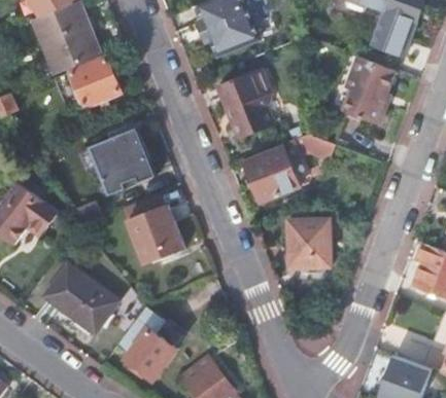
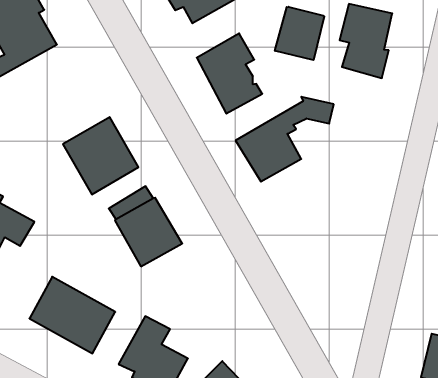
building: none -> [275,7,324,60]
building: [62,63,111,111] -> none
building: [288,219,331,268] -> none

